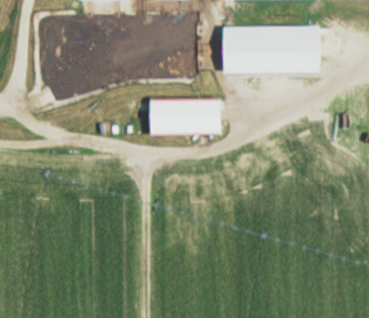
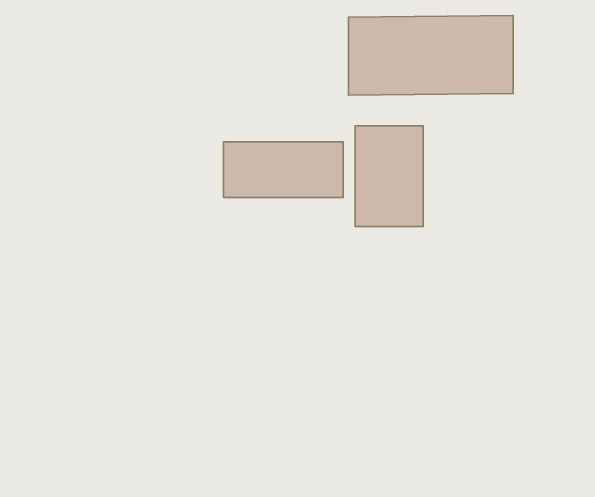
building: none -> [355,126,423,227]

